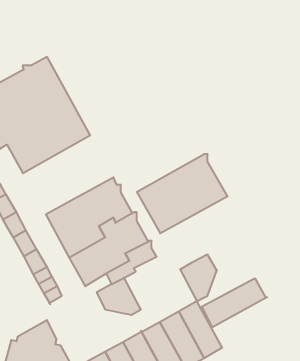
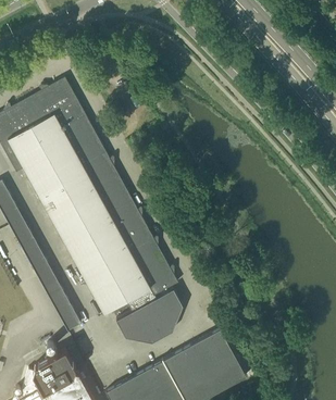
building: [137,154,228,233] -> [40,159,134,240]
building: [180,255,217,301] -> [145,290,183,338]
building: [202,278,267,328] -> none

